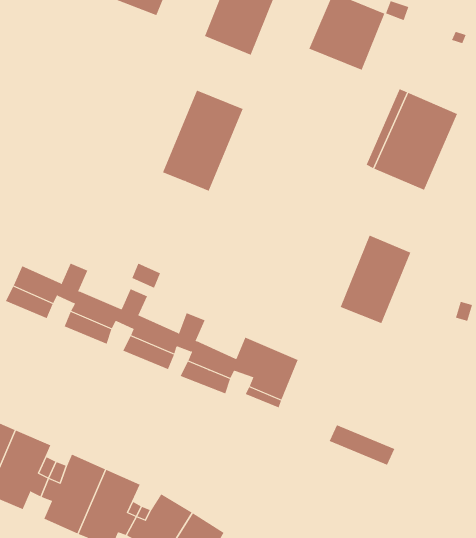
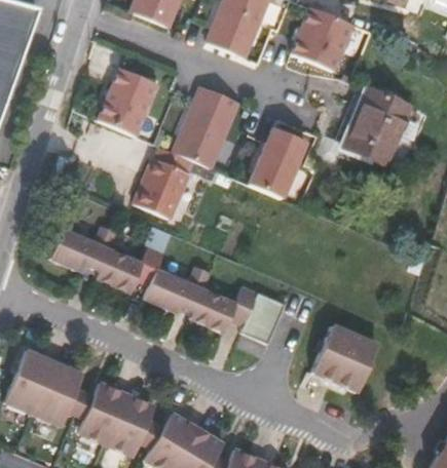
building: none -> [95,68,157,138]
building: none -> [135,149,192,220]
building: [340,235,411,324] -> [249,128,306,200]
building: none -> [314,323,375,377]

